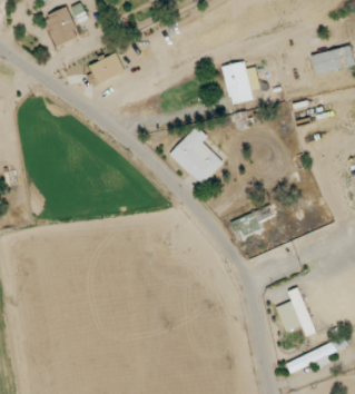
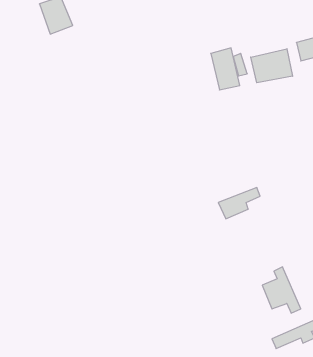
building: [89,53,125,83] -> none
building: none -> [251,49,293,83]
building: [169,126,224,185] -> none

